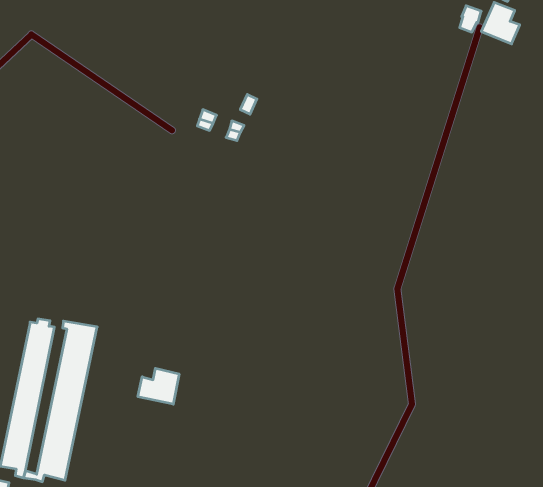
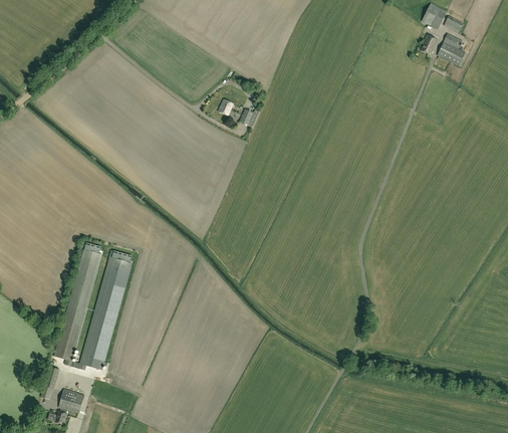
building: [138,368,179,404] -> none

